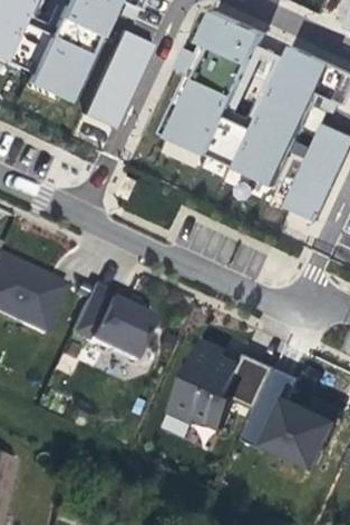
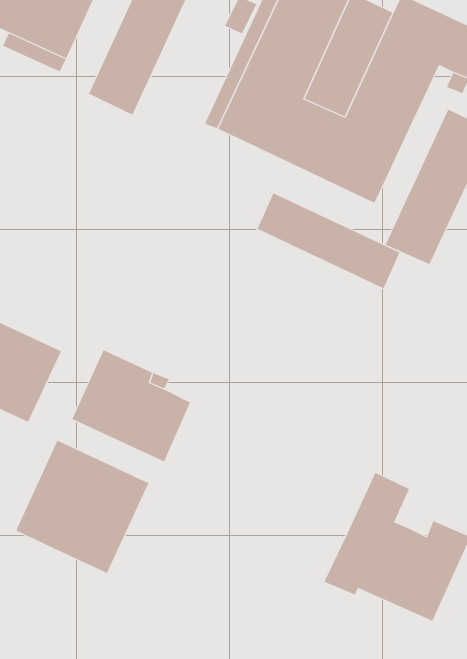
building: none -> [257,192,400,289]
building: [169,339,276,428] -> none
building: none -> [15,440,149,574]

